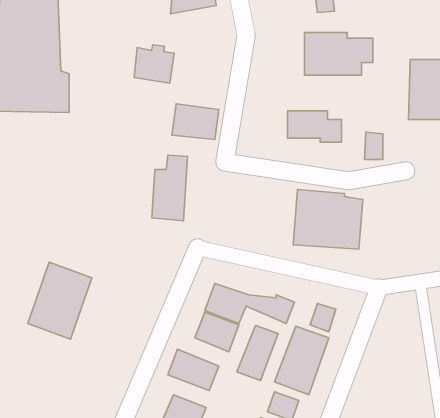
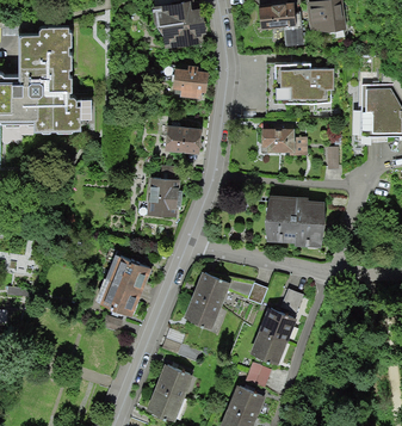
building: [134,45,174,83] -> [173,66,206,98]
building: [28,262,92,339] -> [98,255,151,320]
building: [237,325,278,380] -> none

